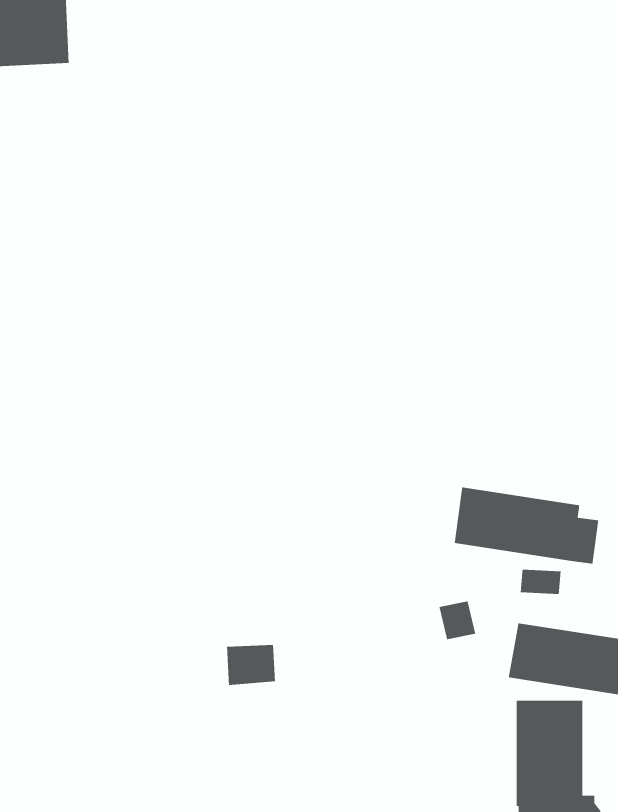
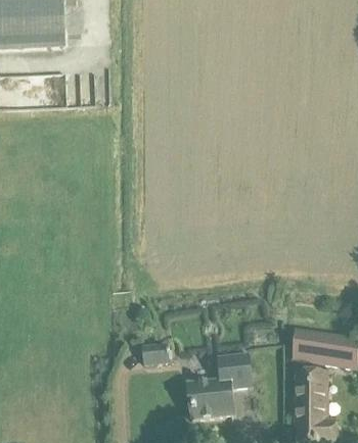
building: [454,486,599,565] -> none
building: none -> [186,351,252,417]

